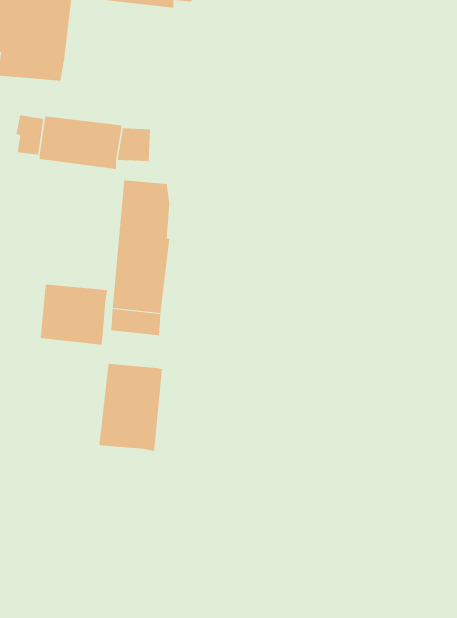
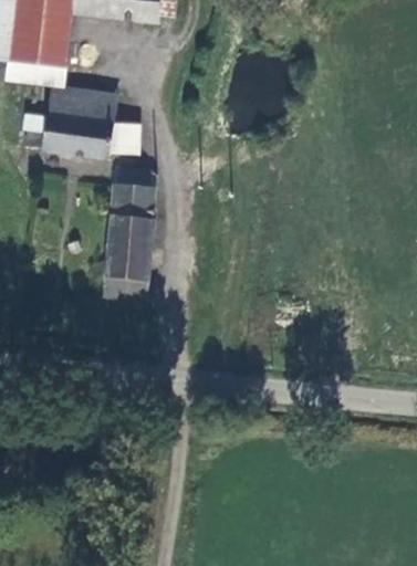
building: none -> [50,84,117,120]
building: [40,284,108,345] -> none
building: [99,363,162,452] -> none

